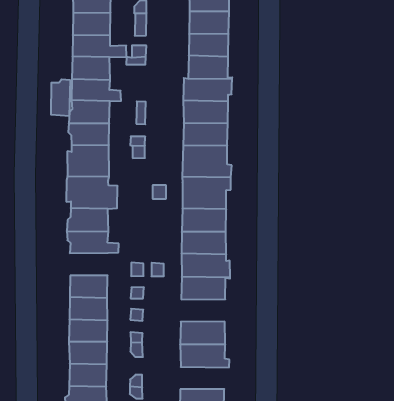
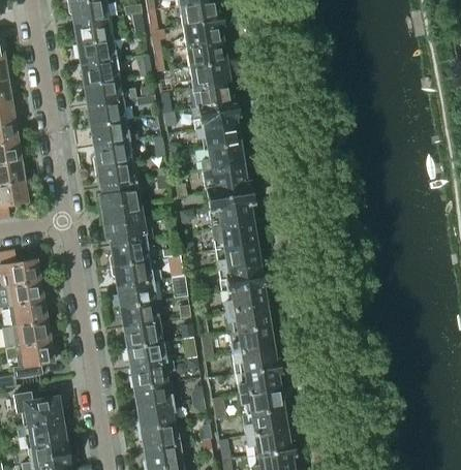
building: [51,79,70,116] -> none
building: none -> [117,280,155,307]
building: none -> [226,304,270,332]
building: none -> [237,366,282,394]

